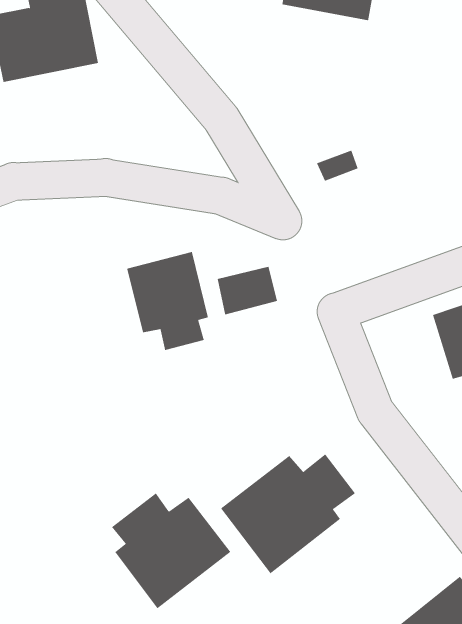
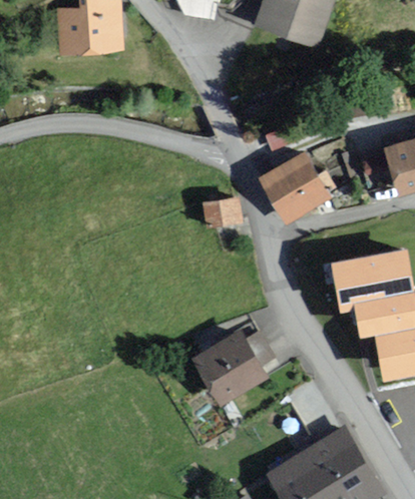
building: none -> [267,147,335,218]
building: [126,251,208,351] -> none
building: [111,492,231,609] -> none

